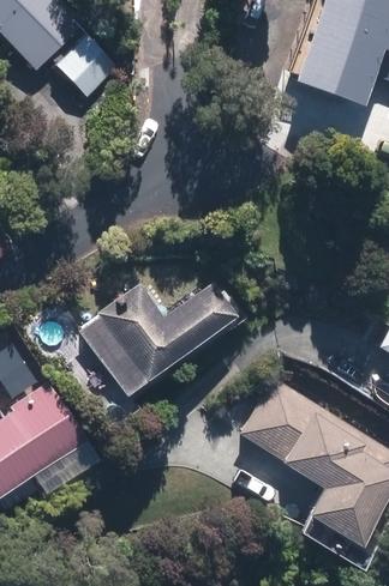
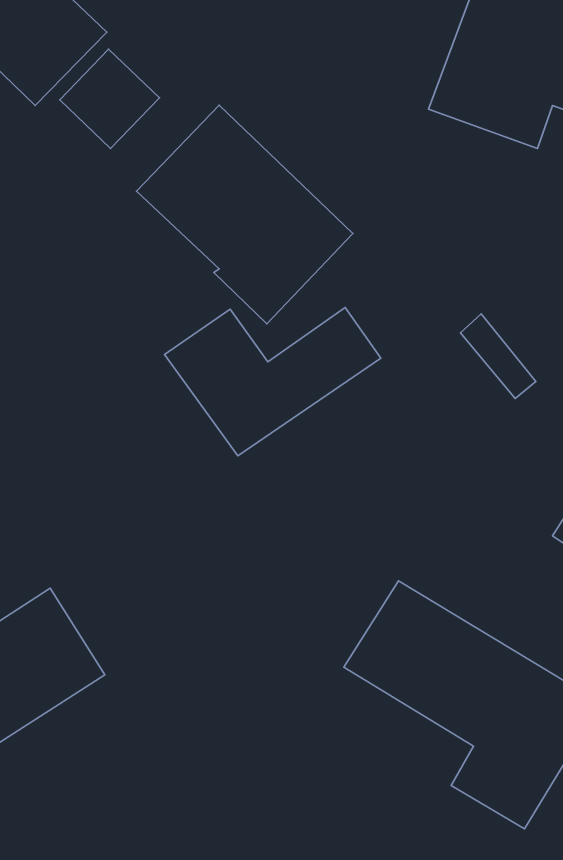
building: none -> [136,105,353,324]
building: [97,283,235,377] -> [164,307,381,456]

